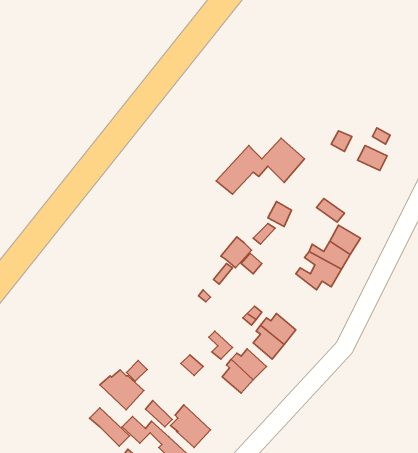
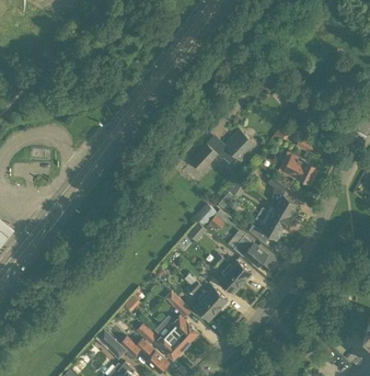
building: none -> [280,155,317,184]
building: none -> [233,237,267,267]
building: [100,370,144,410] -> [166,318,199,347]

